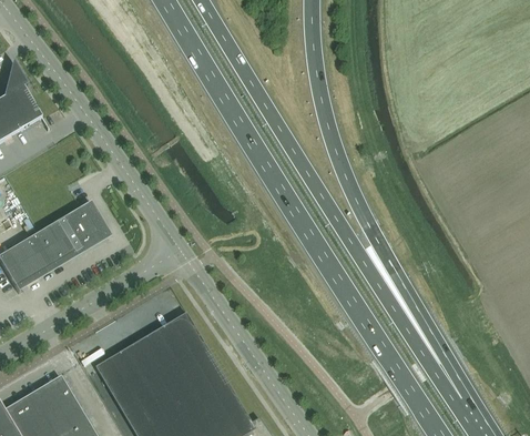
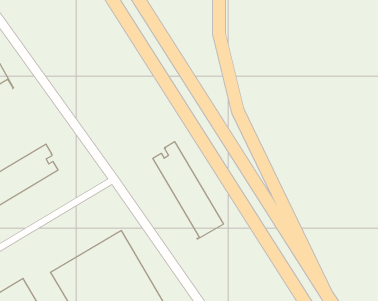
building: none -> [153,142,224,239]

